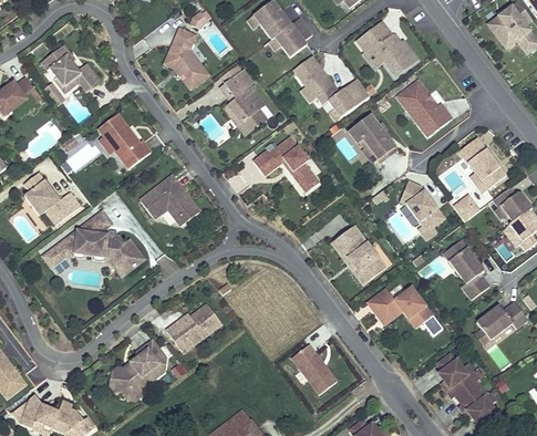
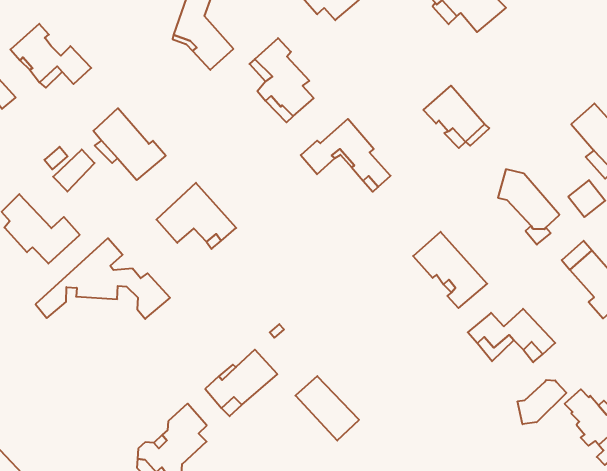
building: [293,56,370,118] -> none
building: [396,81,452,137] -> none
building: [68,243,126,274] -> none
building: none -> [518,380,566,424]
building: [291,343,338,393] -> [295,376,359,441]

